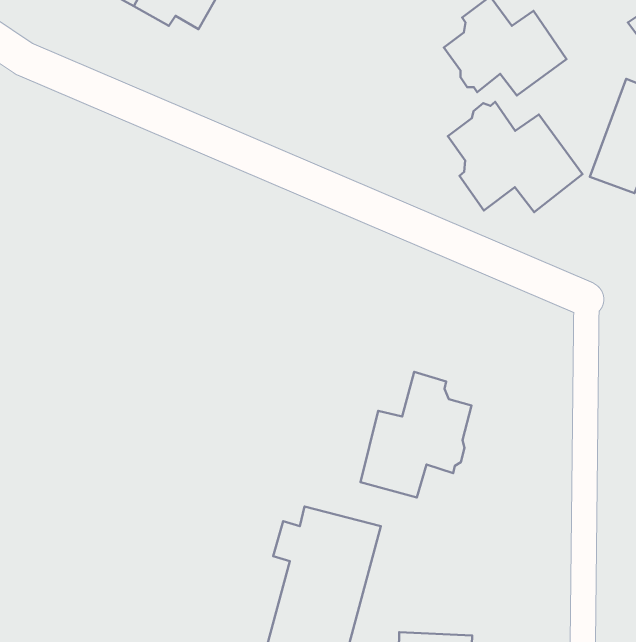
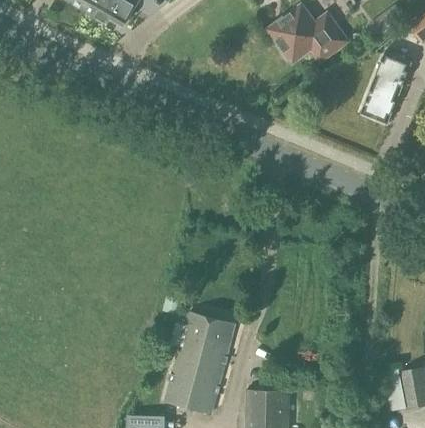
building: [448,102,583,212] -> none
building: [360,372,472,497] -> none

